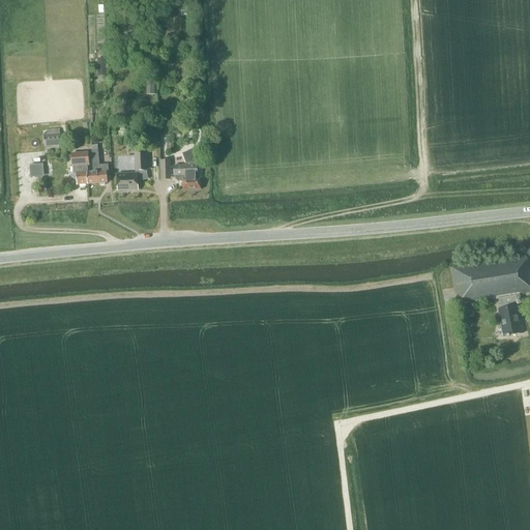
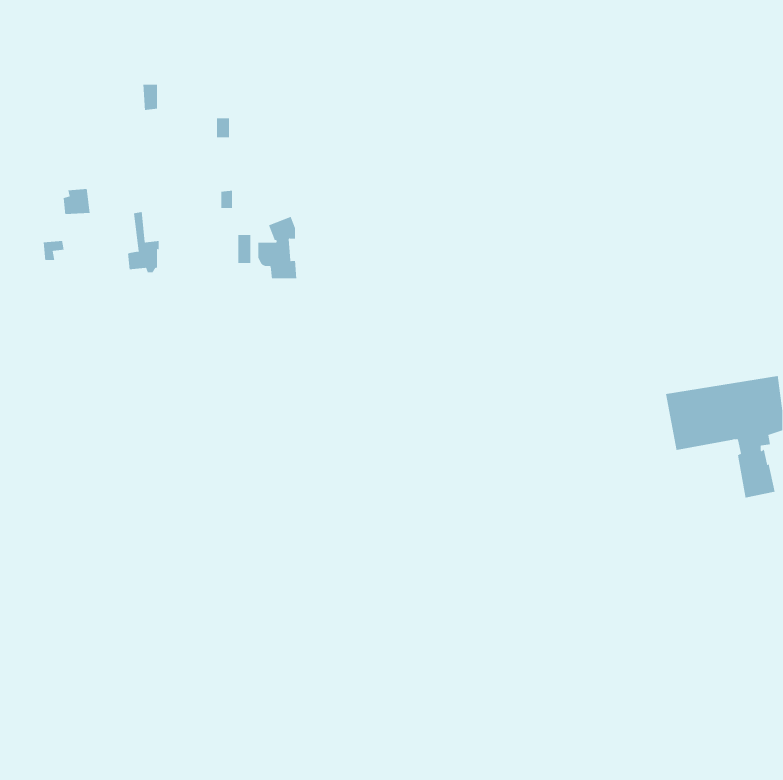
building: [69,150,89,183] -> none
building: [117,152,146,188] -> none

